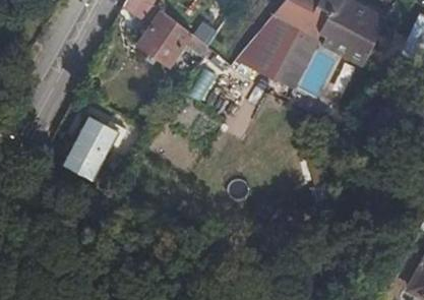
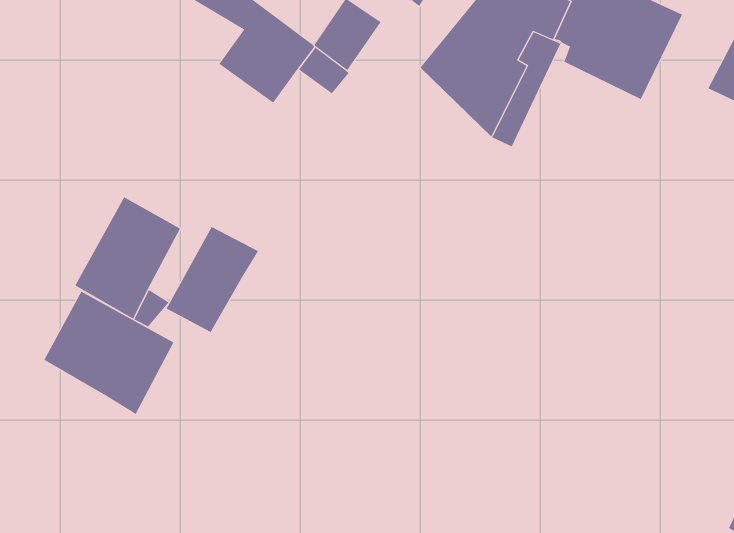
building: none -> [166,226,259,333]
building: none -> [44,291,174,415]

